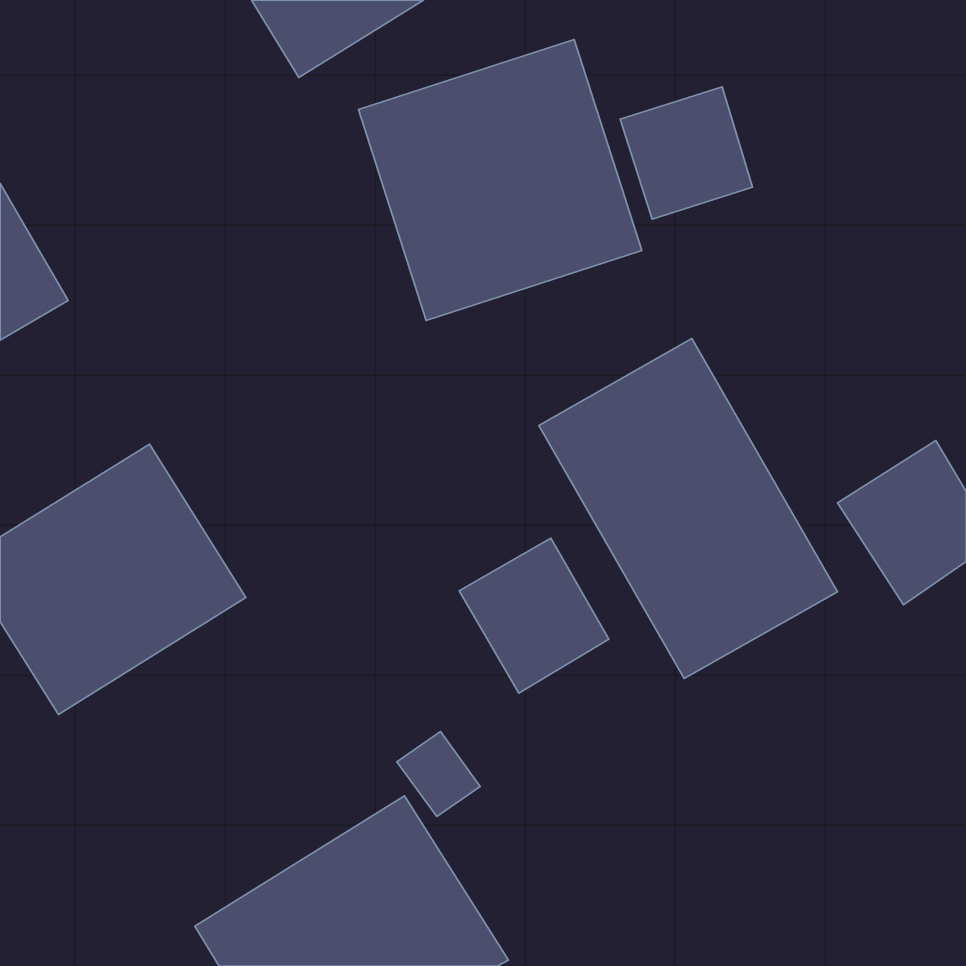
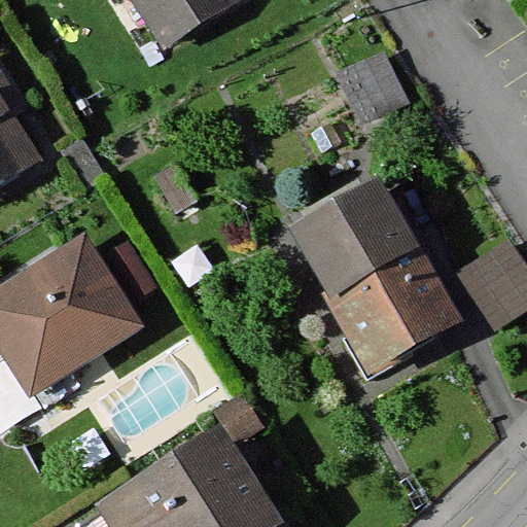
building: [358,39,642,320] -> none
building: [459,538,609,693] -> none

